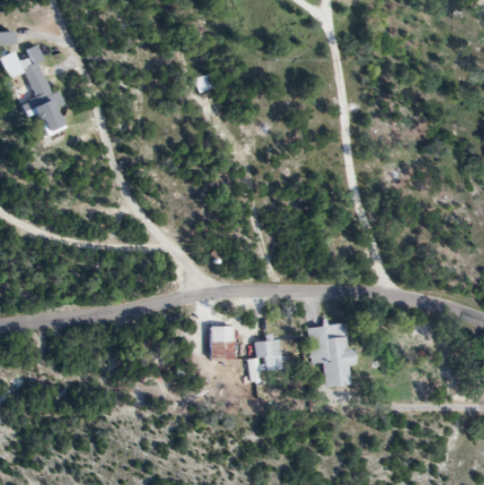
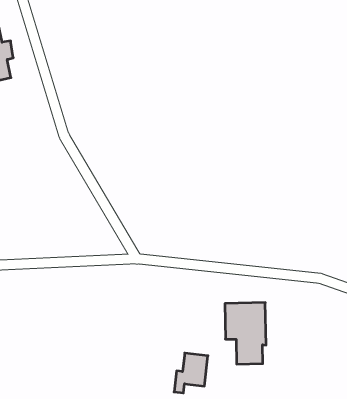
building: [211,325,234,359] -> none
building: [250,340,280,380] -> [174,353,208,393]

